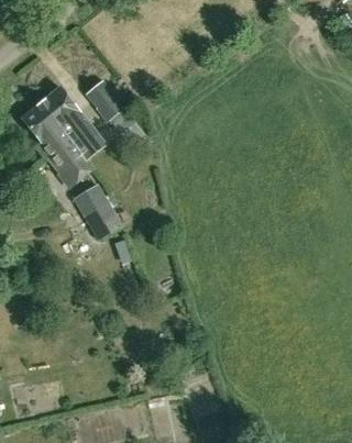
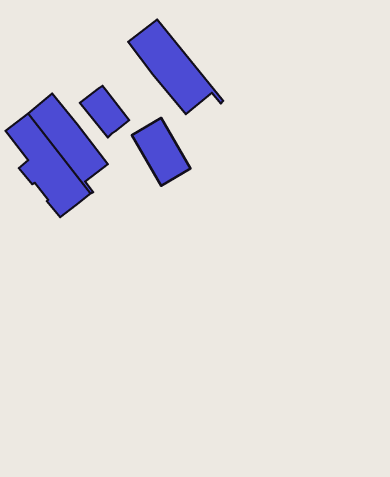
building: none -> [128,19,223,114]
building: [73,184,121,240] -> [132,118,190,186]

